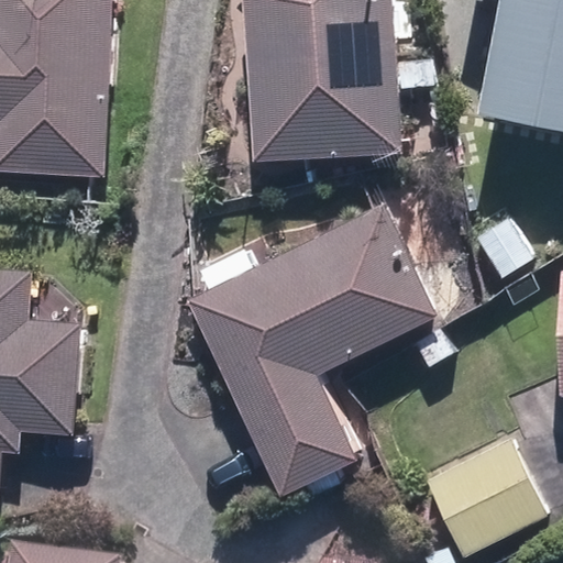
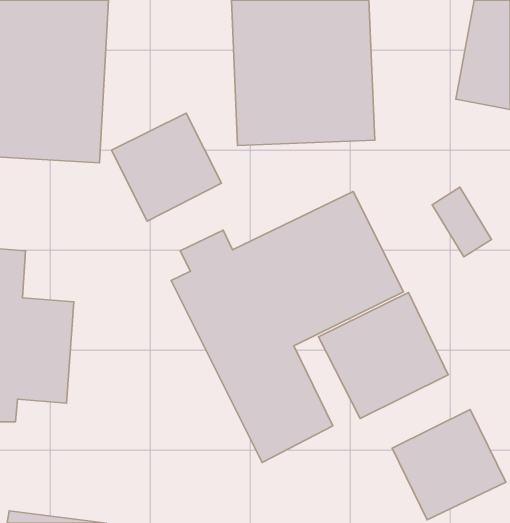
building: none -> [111,113,222,221]
building: none -> [319,292,448,419]

